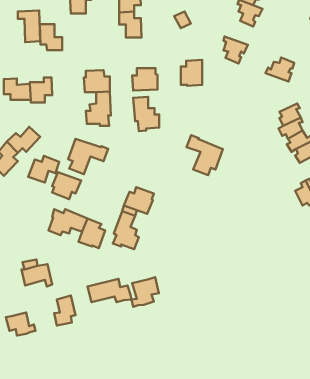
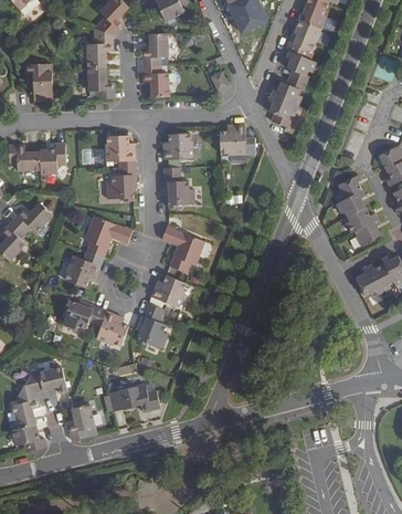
building: [40,24,62,50] -> [87,67,114,98]
building: [265,57,294,81] -> [269,76,304,105]
building: [187,135,223,175] -> [160,224,203,272]
building: [28,156,59,183] -> none
building: [131,277,159,307] -> none
building: none -> [11,391,38,428]

